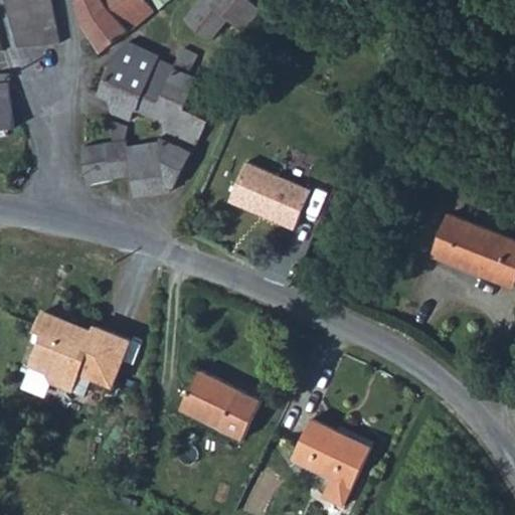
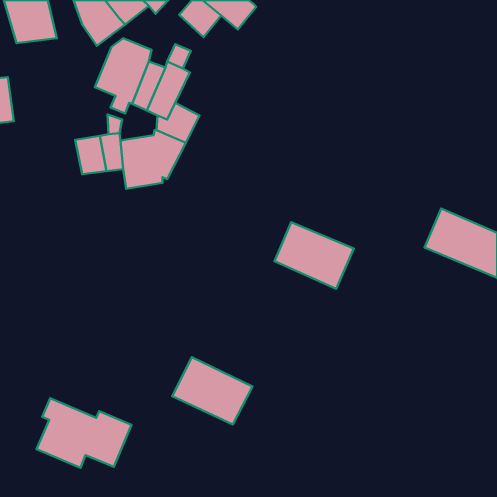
building: [228,162,310,230] -> [274,222,354,289]
building: [28,313,126,384] -> [36,398,131,468]
building: [292,420,370,487] -> none

